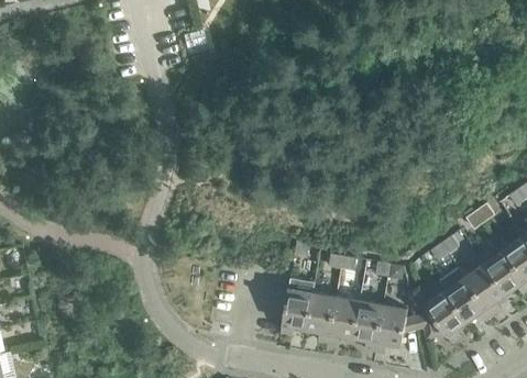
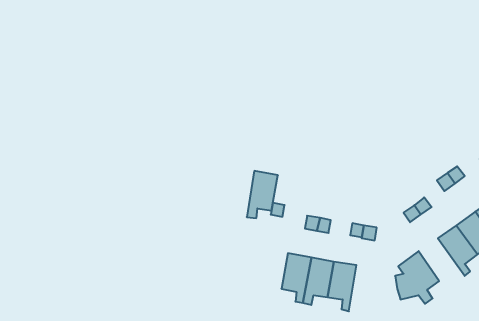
building: [448,277,495,321] -> none
building: [282,288,314,336] -> [247,171,278,218]
building: [376,304,419,353] -> none

